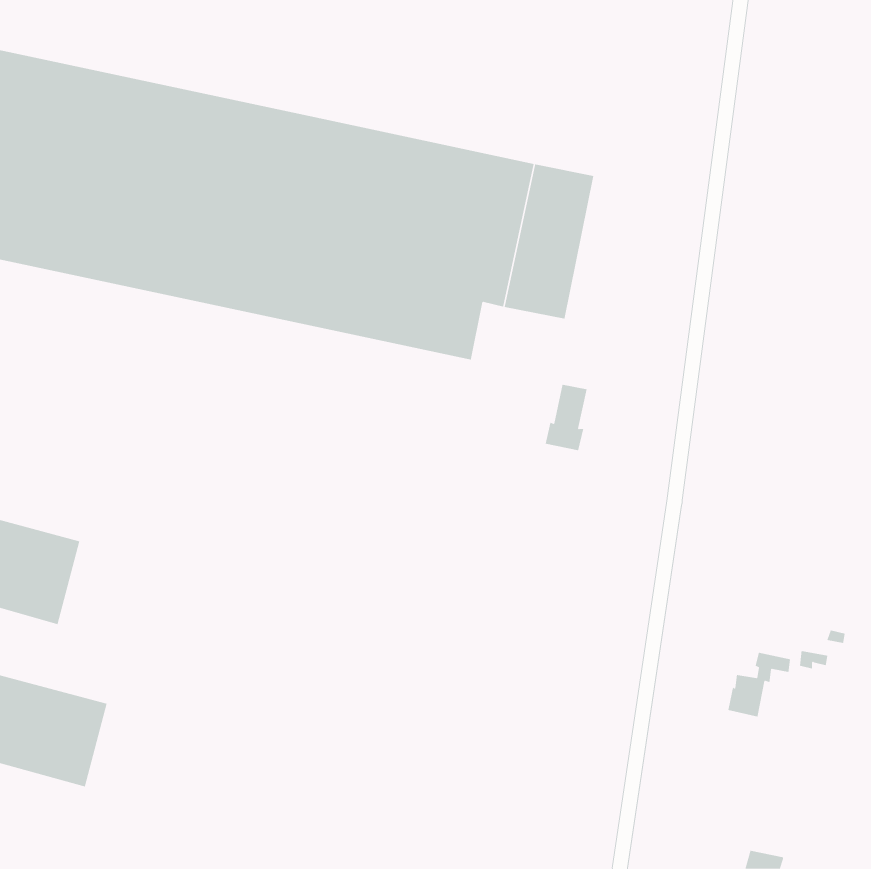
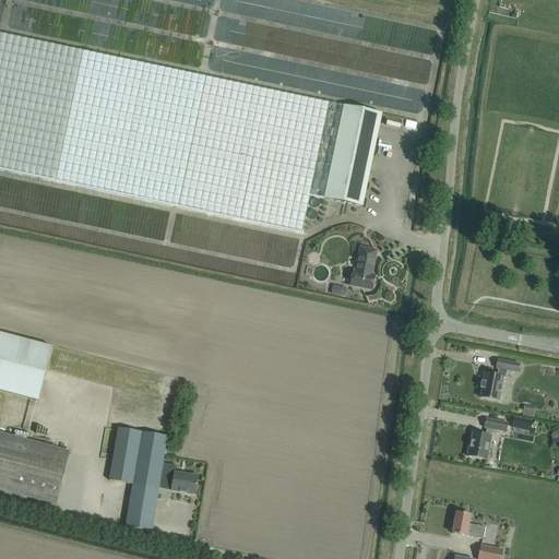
building: none -> [478,358,518,400]
building: none -> [108,427,197,530]
building: none -> [451,511,484,538]

